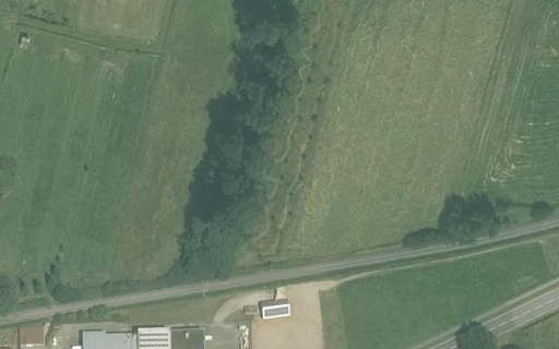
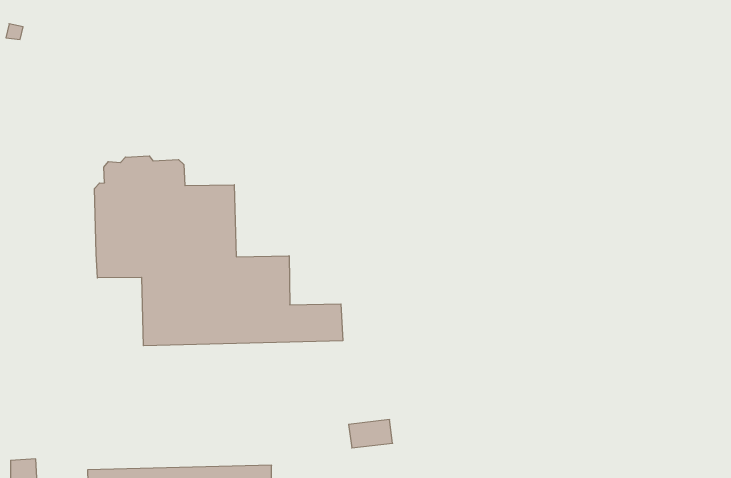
building: none -> [95,156,343,346]

